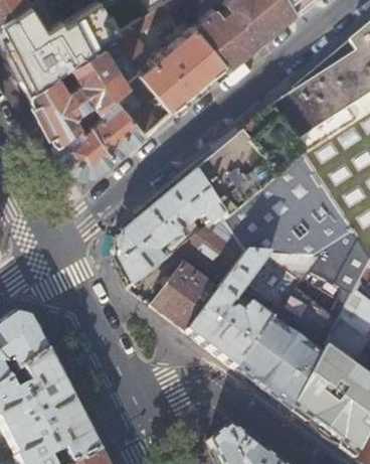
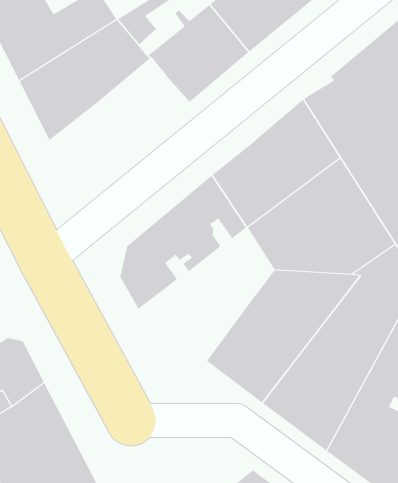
building: [54,71,163,176] -> none
building: [183,217,247,282] -> none
building: [154,265,220,332] -> none

